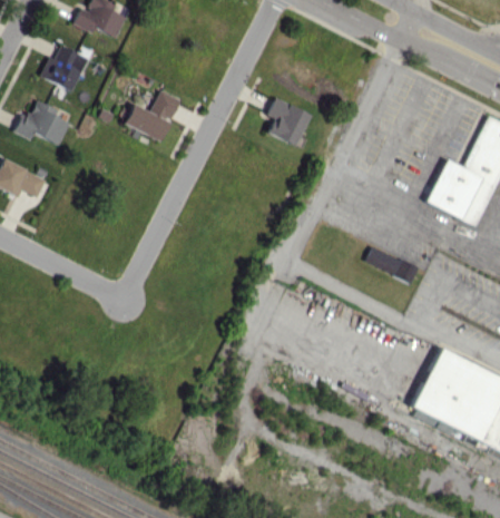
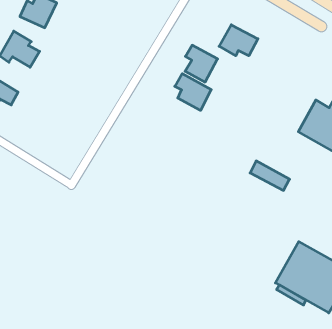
building: none -> [219,25,258,56]
building: [124,90,179,140] -> none
building: none -> [175,74,211,110]

